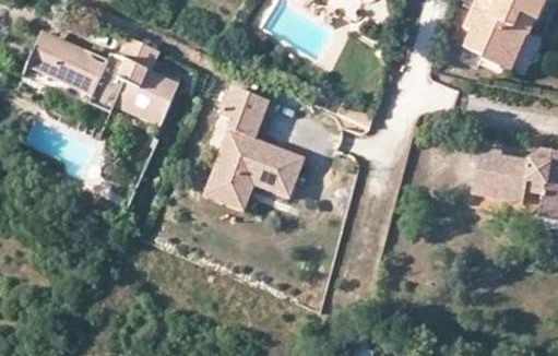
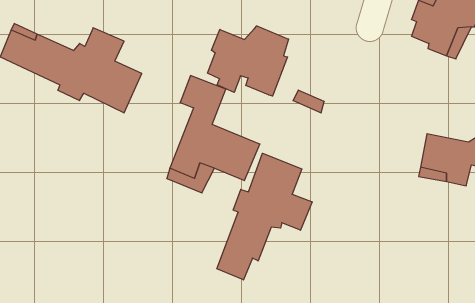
building: none -> [207,26,289,96]
building: none -> [217,153,312,280]

